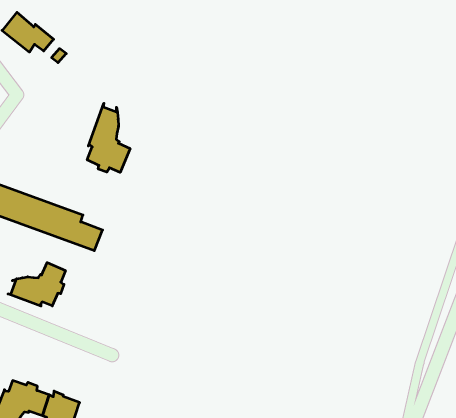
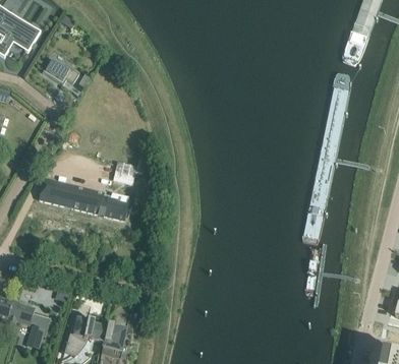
building: [87,103,130,172] -> none
building: [8,263,65,306] -> none

